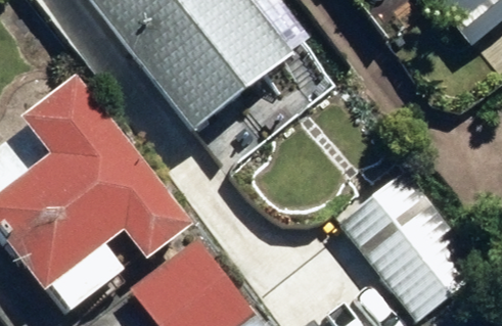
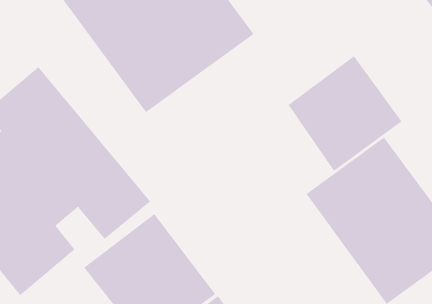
building: none -> [288,55,402,172]

